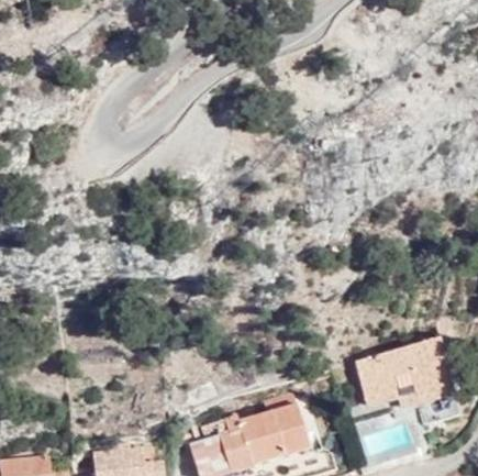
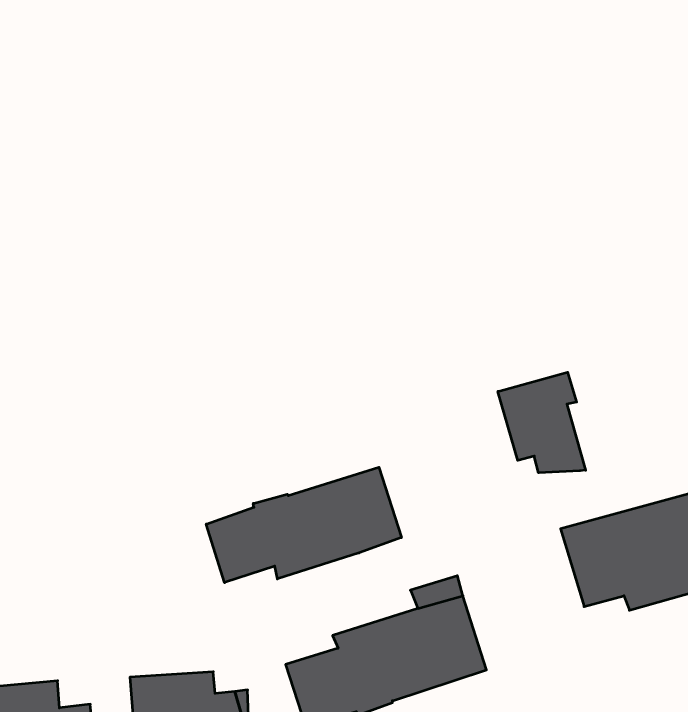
building: none -> [498,372,586,473]
building: none -> [206,467,401,583]

